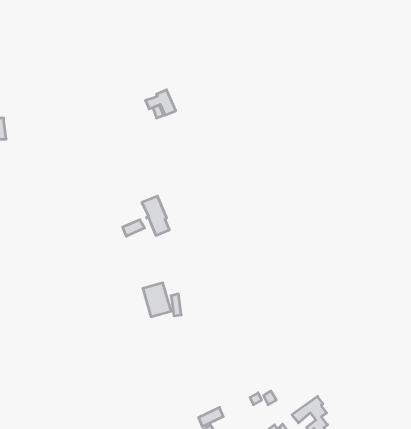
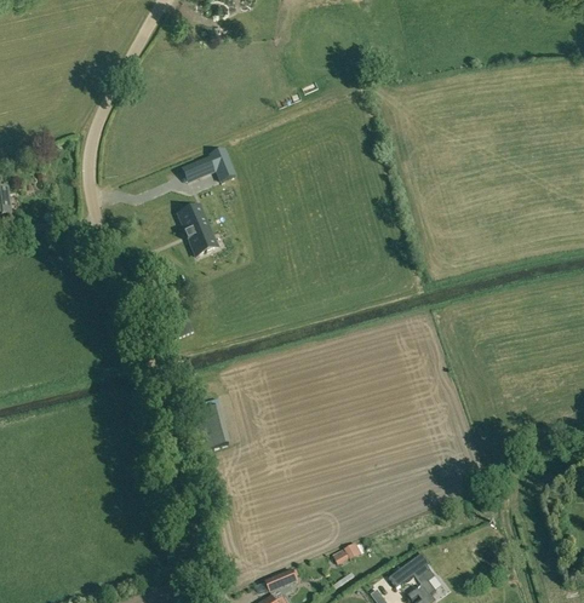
building: [142,196,169,235] -> [177,205,213,257]

